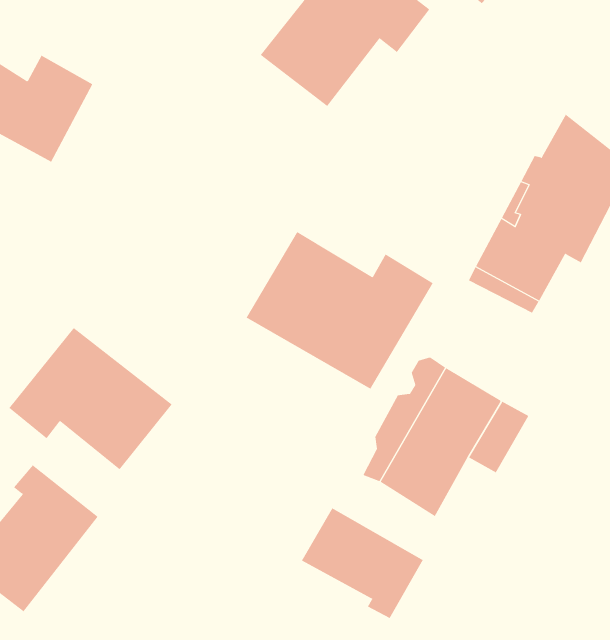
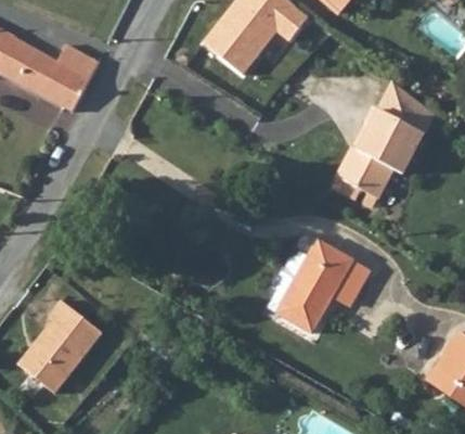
building: [246,231,434,389] -> none
building: [9,327,172,470] -> none
building: [301,508,423,619] -> none

